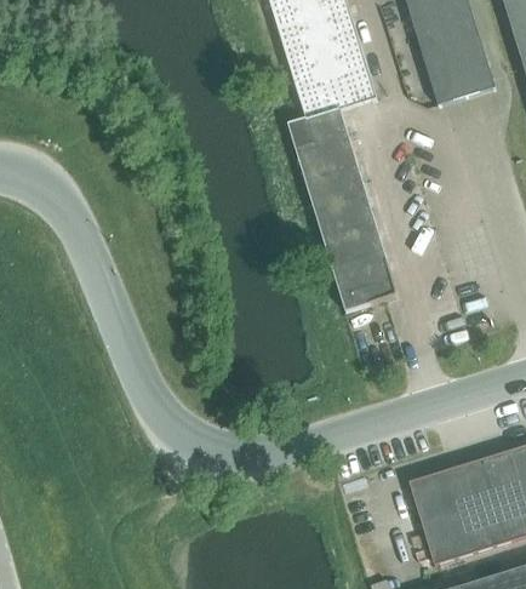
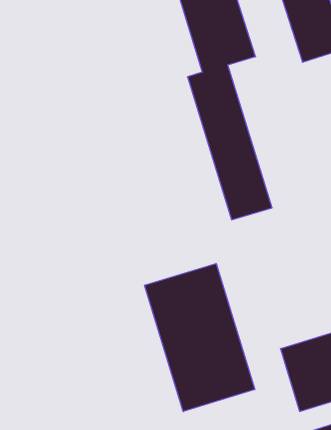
building: none -> [145,263,255,412]

